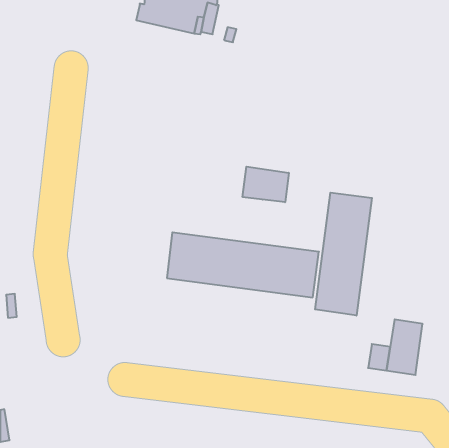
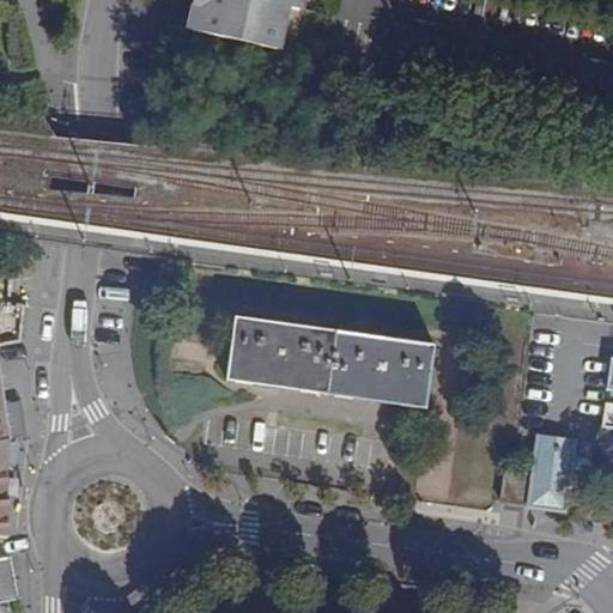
building: [243,167,289,202] -> none
building: [315,193,372,316] -> none

